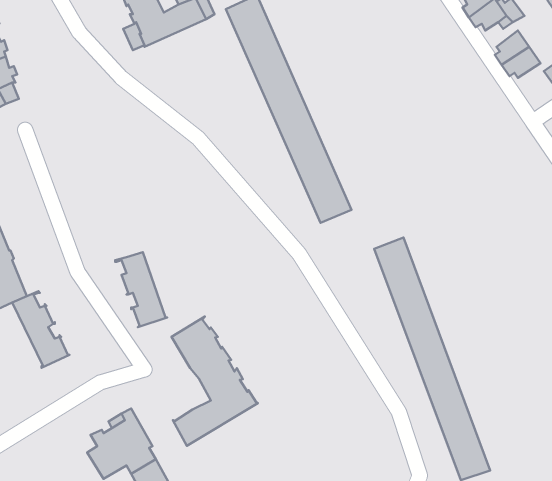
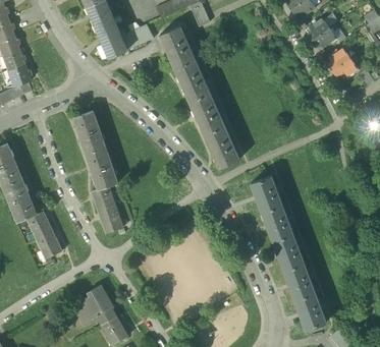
building: none -> [74,110,118,189]
building: [171,317,258,446] -> none

